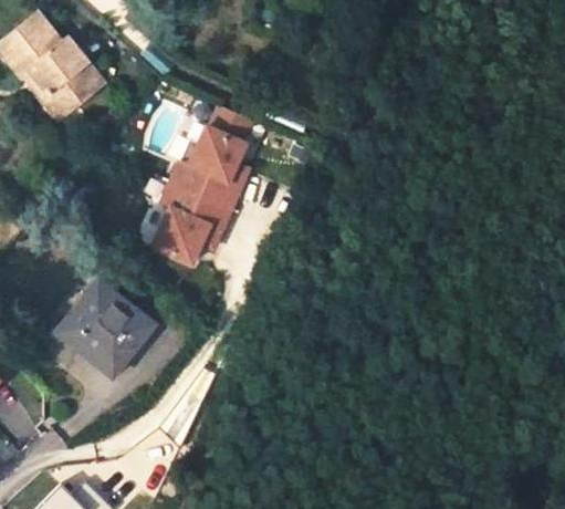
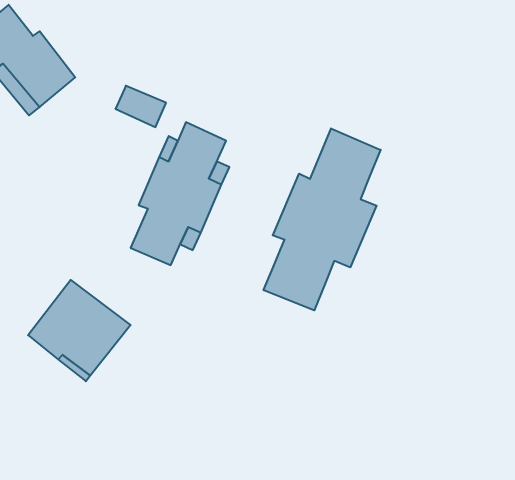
building: [207,104,255,144] -> [115,86,166,127]
building: none -> [264,128,381,310]

